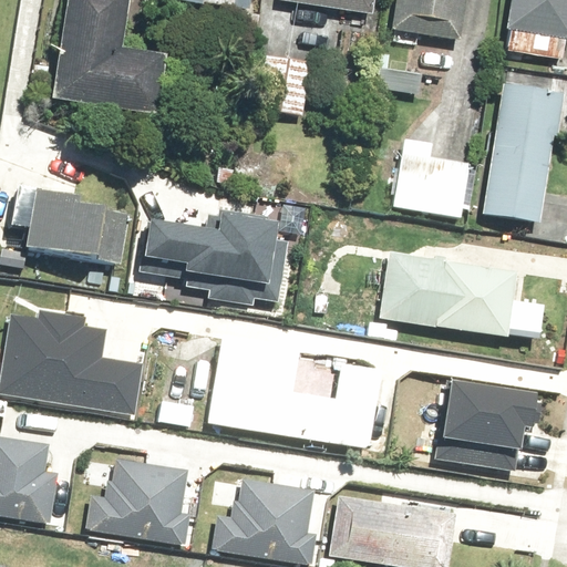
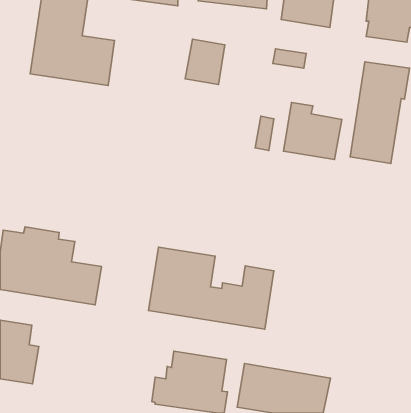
building: [11,186,127,265] -> none
building: [145,208,290,303] -> none
building: [379,250,516,338] -> none
building: [432,379,540,471] -> none
building: [69,457,190,545] -> none

